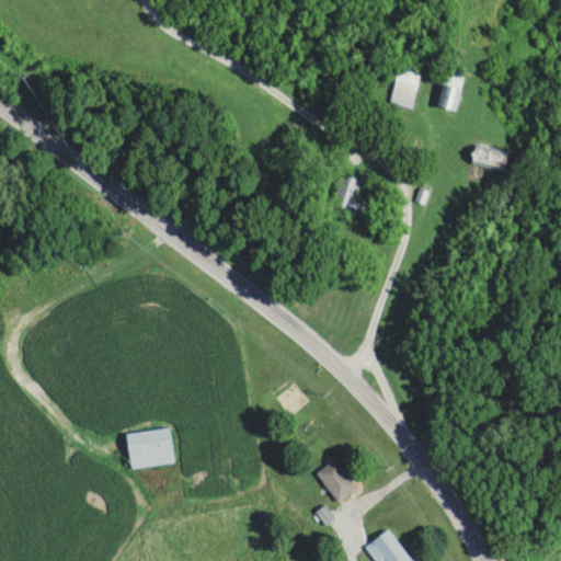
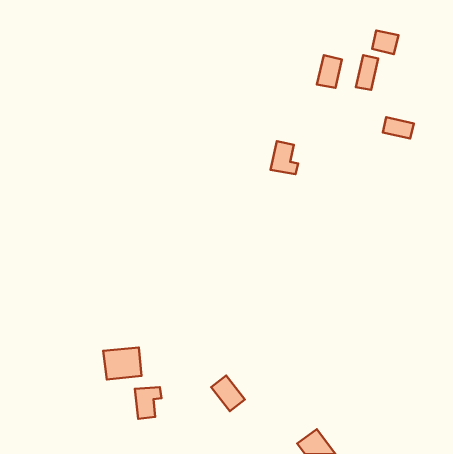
building: none -> [372,30,399,54]
building: [317,459,358,503] -> [211,376,245,411]
building: none -> [135,387,162,419]

